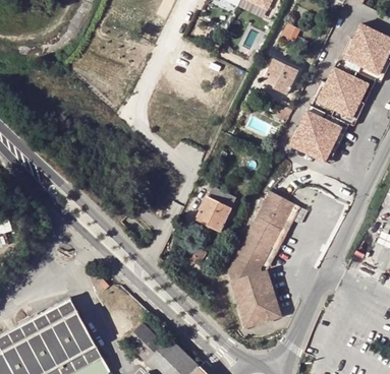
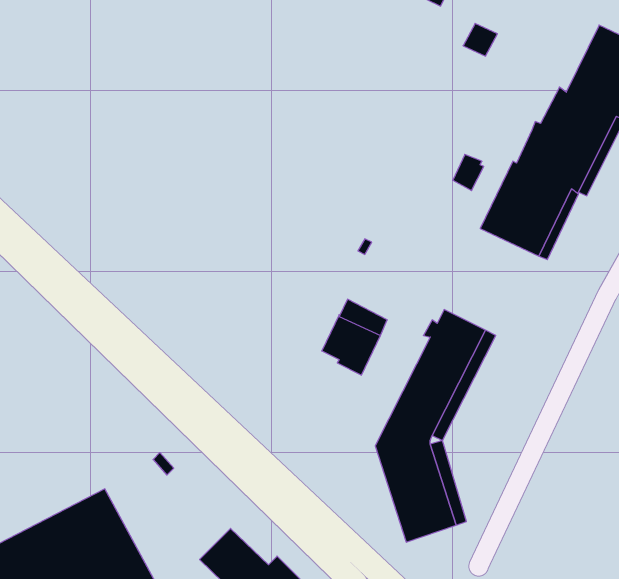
building: [263,59,297,94] -> none

